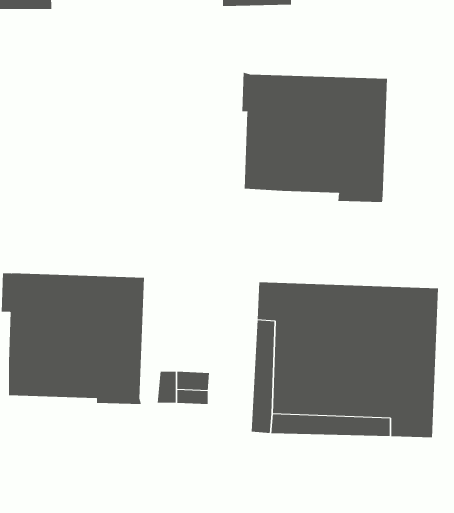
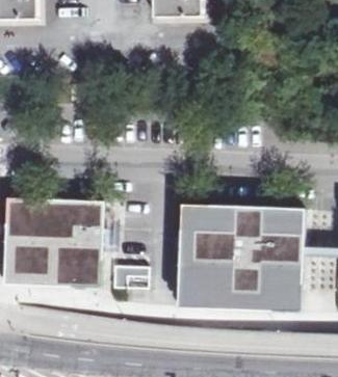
building: [242,72,387,203] -> none

